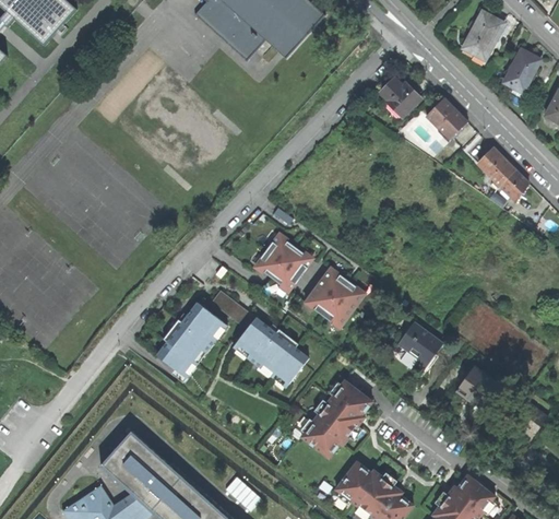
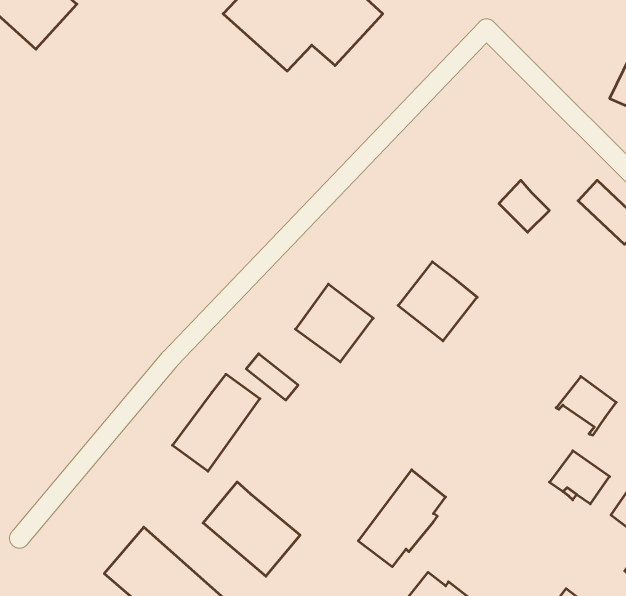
building: [465,11,506,59] -> none
building: [380,76,418,114] -> none
building: [427,97,467,139] -> [499,180,549,232]
building: [302,266,366,329] -> [398,262,477,341]
building: [231,315,309,390] -> [203,482,300,576]
building: [393,321,441,368] -> [556,376,616,435]

